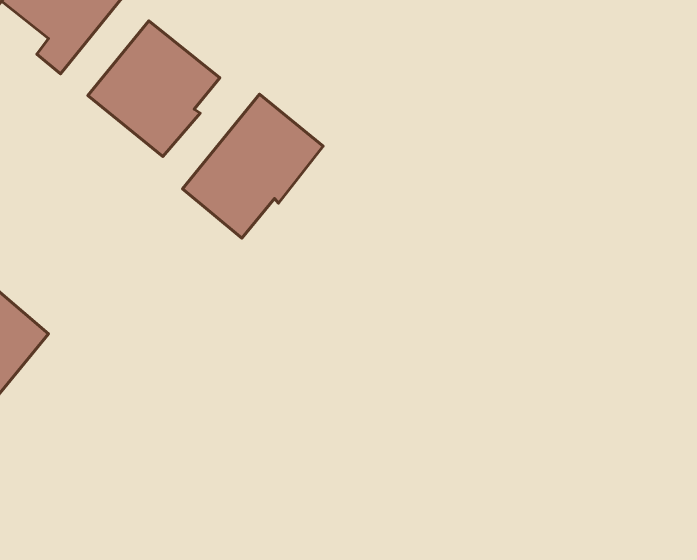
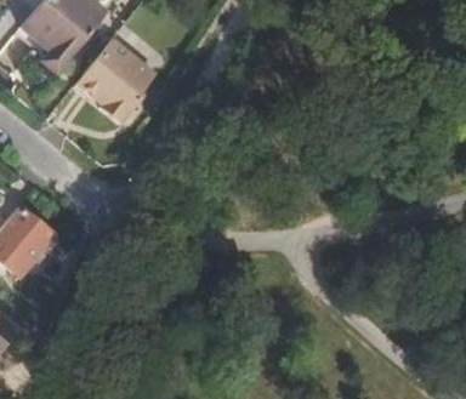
building: [182,94,323,238] -> none

